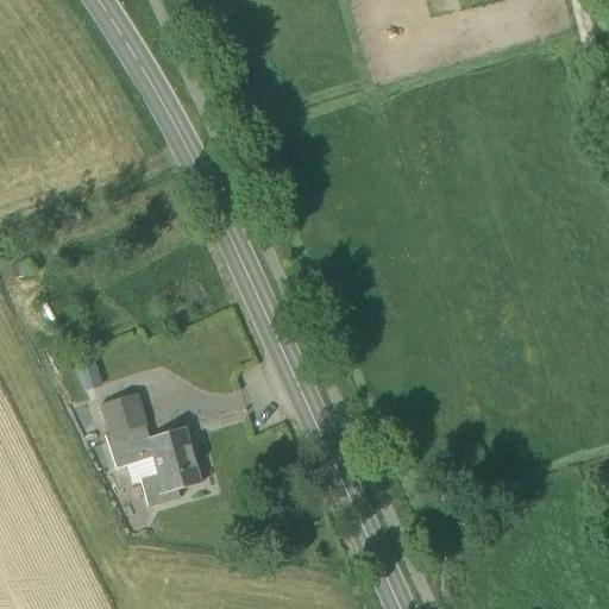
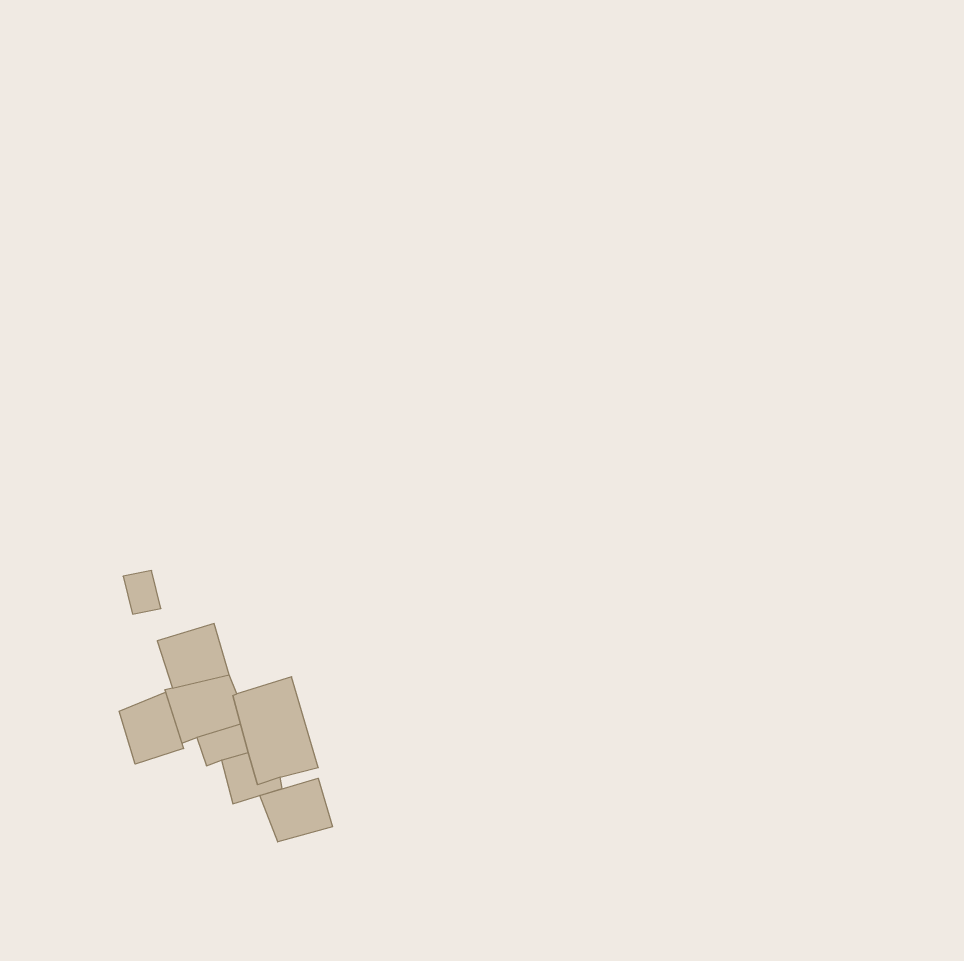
building: none -> [119,692,184,764]
building: none -> [260,778,332,842]

